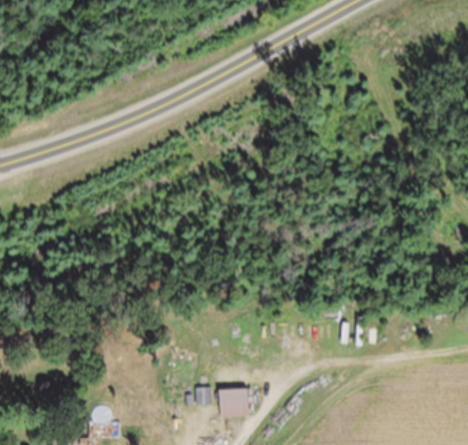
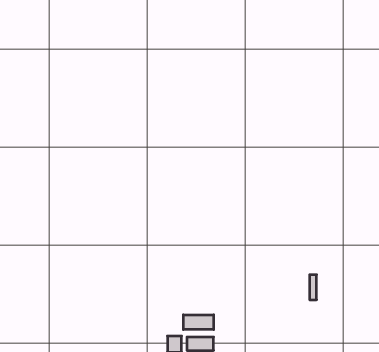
building: none -> [183,315,214,330]

